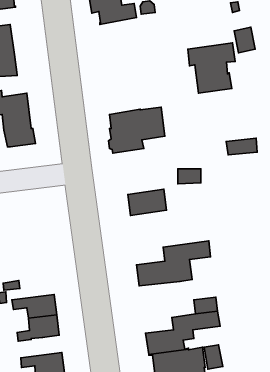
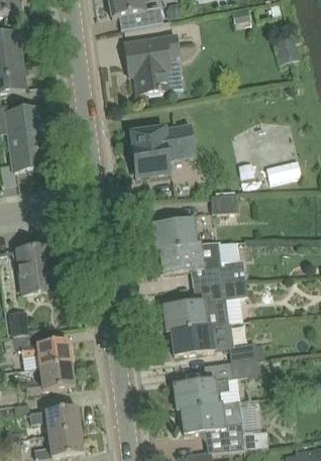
building: [188,43,235,93] -> [124,35,179,93]
building: none -> [155,240,245,284]
building: none -> [16,245,55,294]
building: none -> [166,324,215,354]

